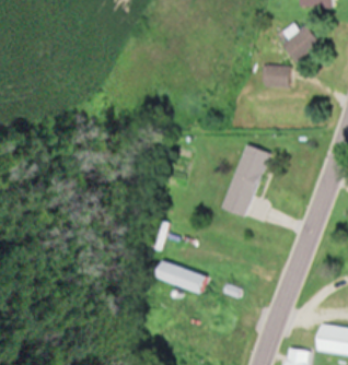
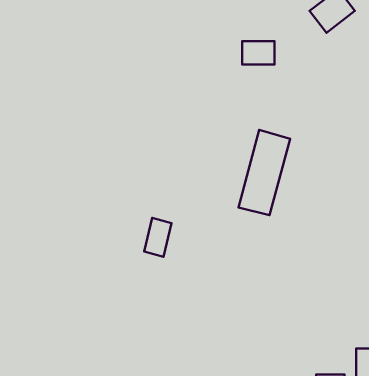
building: [260,67,288,86] -> [242,41,275,65]
building: [159,261,212,294] -> none

